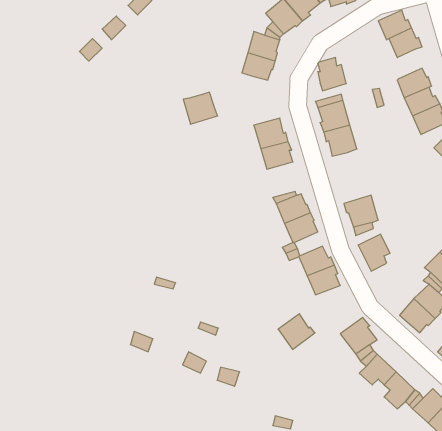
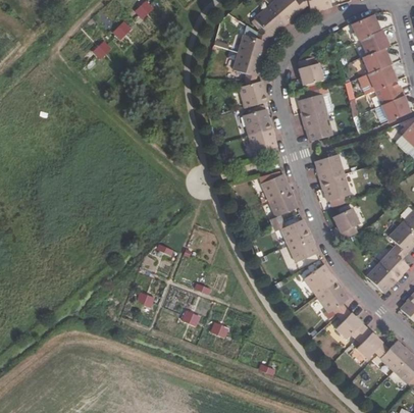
building: none -> [360,48,391,73]
building: [183,92,218,124] -> [239,79,268,106]
building: none -> [316,152,344,180]
building: [278,314,315,349] -> [305,262,337,293]

